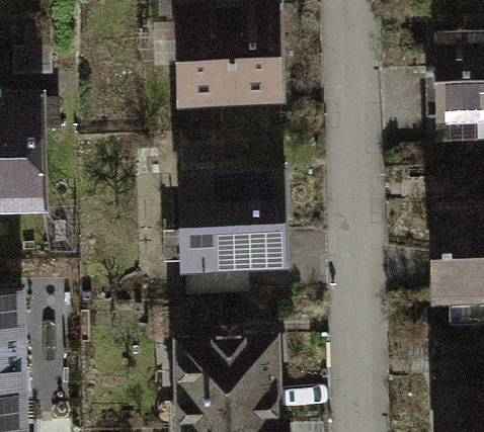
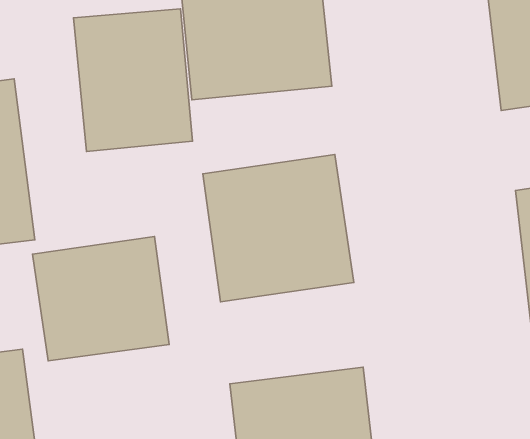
building: none -> [73,9,192,151]
building: none -> [33,237,169,361]

